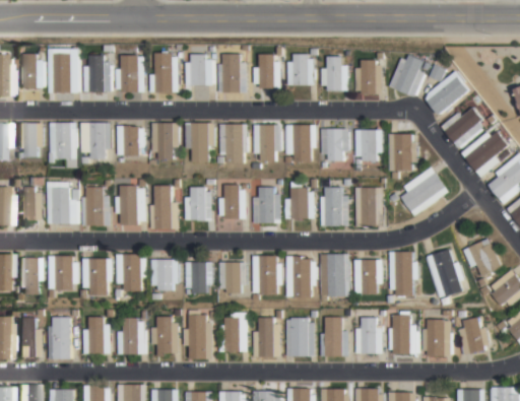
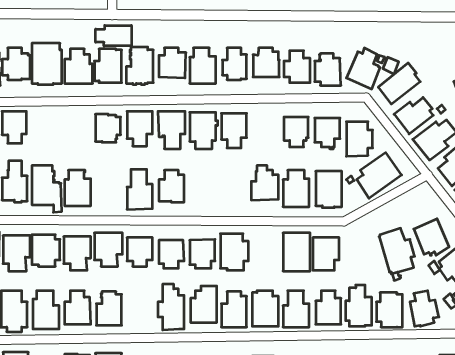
building: none -> [96,25,131,46]
building: [47,123,75,163] -> none
building: [79,123,110,159] -> none
building: [285,125,316,161] -> none
building: [116,182,144,227] -> none
building: [219,185,247,220] -> none
building: [253,188,280,223] -> none
building: [388,252,416,296] -> none
building: [283,257,316,297] -> none
building: [151,317,179,358] -> none

